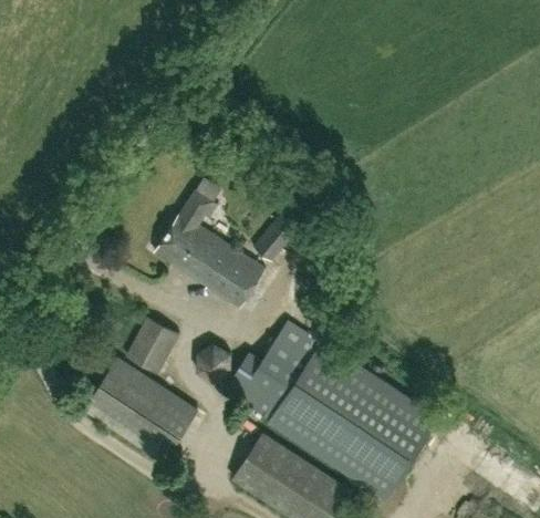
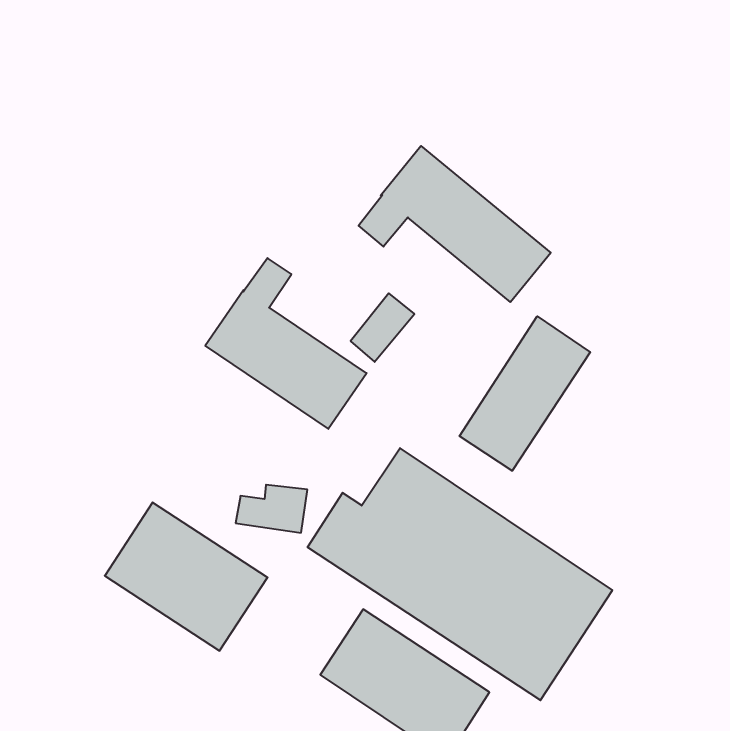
building: none -> [359,146,551,302]
building: none -> [460,316,590,471]
building: [126,317,178,373] -> none

